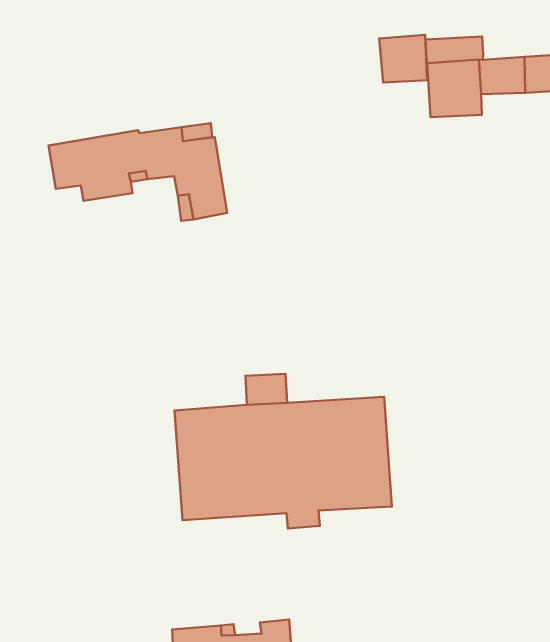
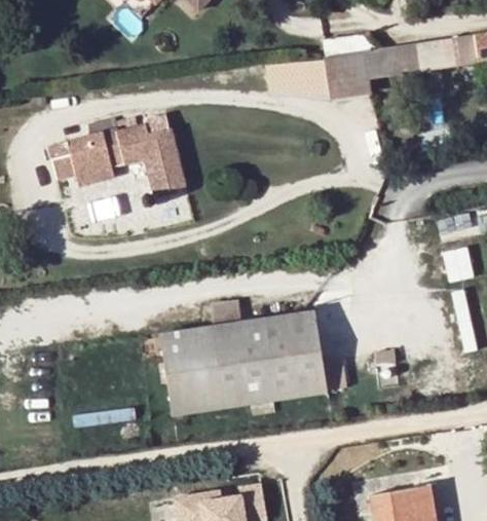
building: [379,35,428,82] -> none

